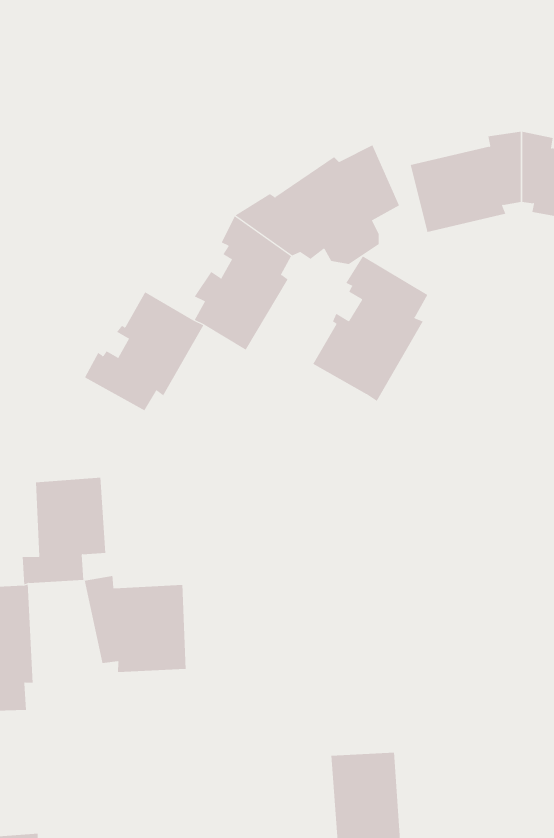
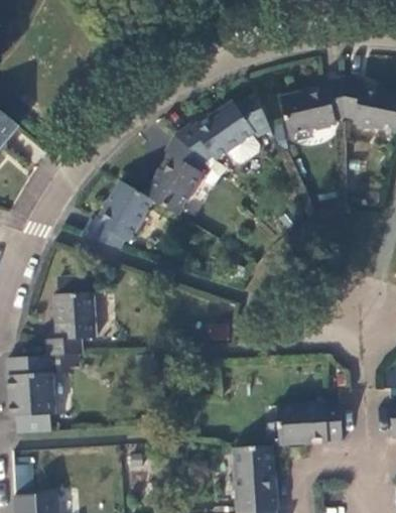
building: [312,255,428,402] -> none
building: [84,575,186,673] -> none
building: none -> [275,407,342,453]

